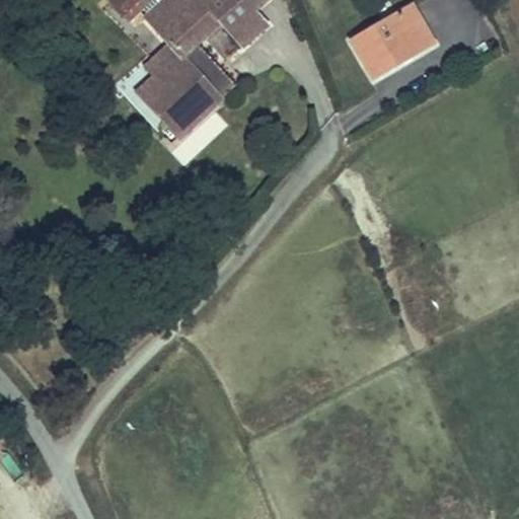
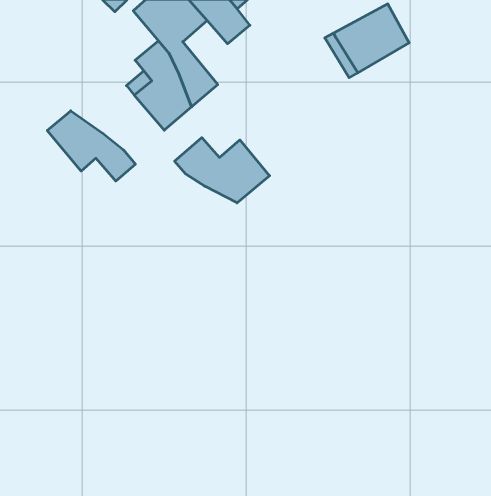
building: none -> [47,111,135,181]
building: none -> [175,138,270,203]

